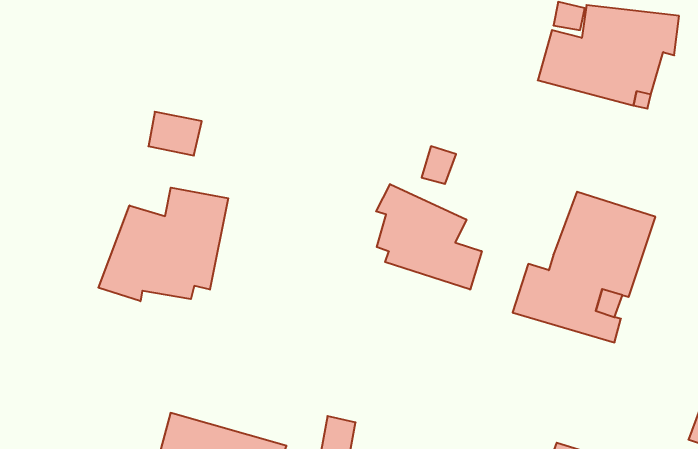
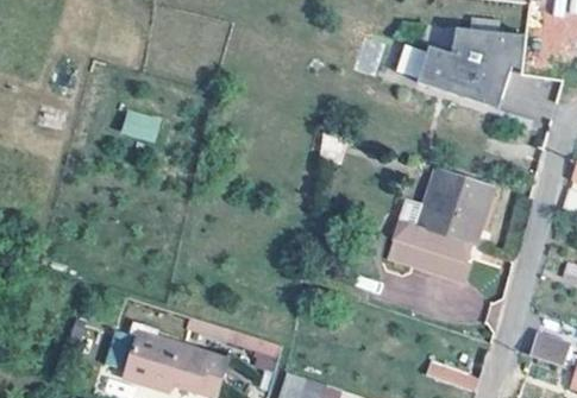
building: [376,184,482,290] -> none
building: [98,188,228,301] -> none

